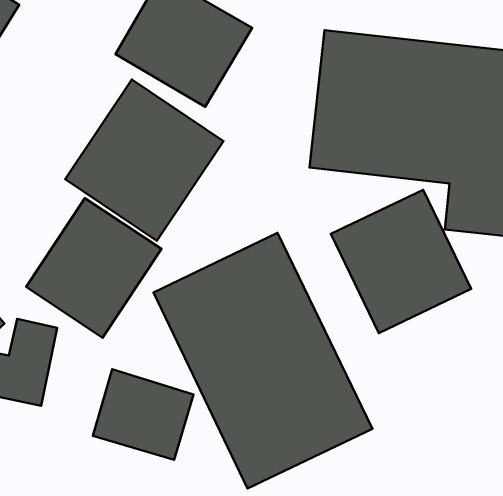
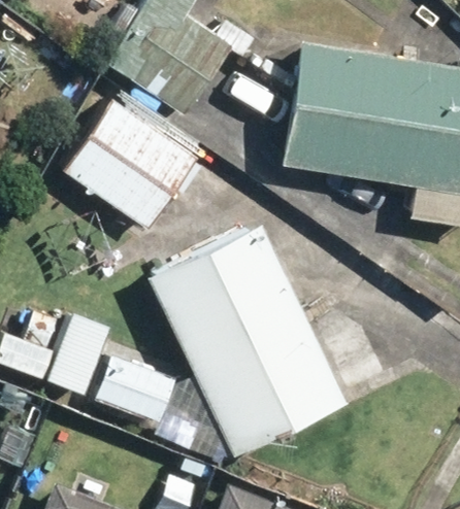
building: [331,190,471,333] -> none
building: [26,198,161,338] -> none

